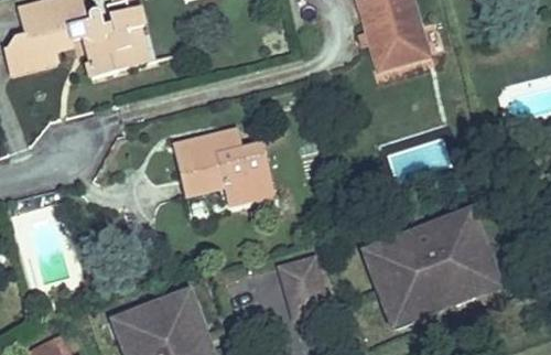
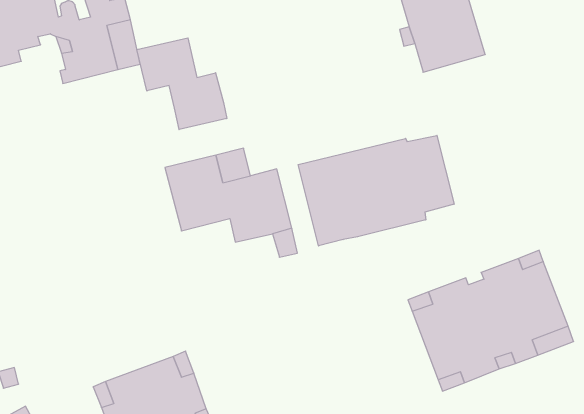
building: none -> [137,38,227,130]
building: none -> [298,135,454,246]
building: [281,255,331,316] -> none

